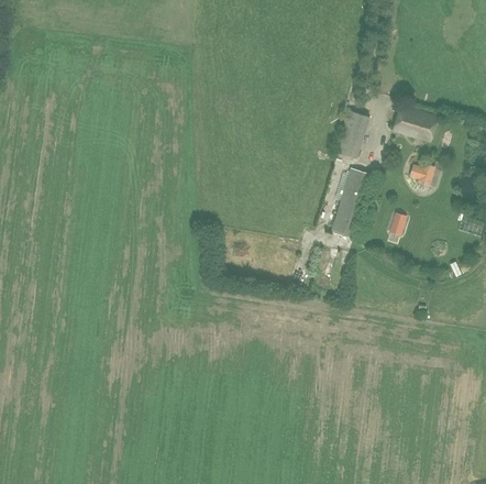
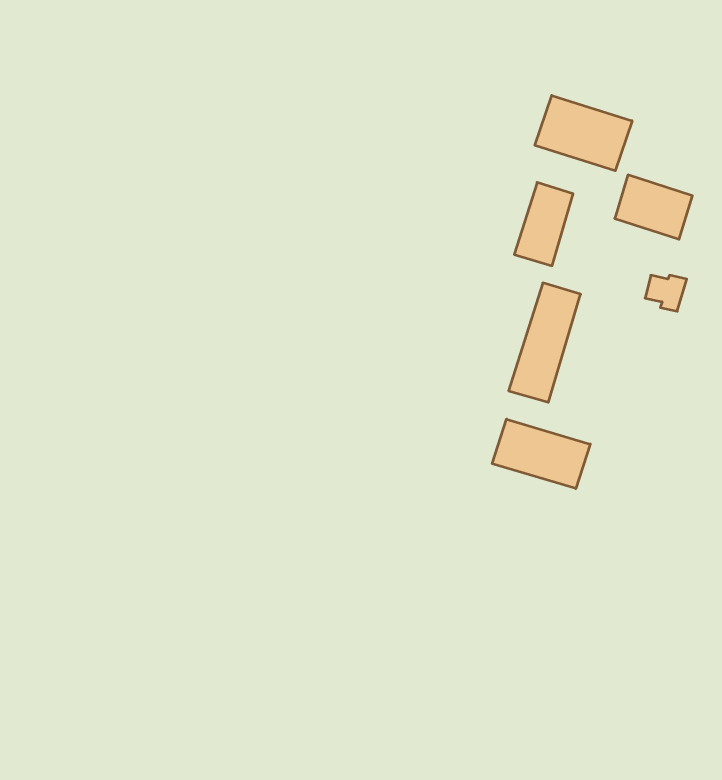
building: none -> [535,95,632,171]
building: none -> [492,419,590,489]

